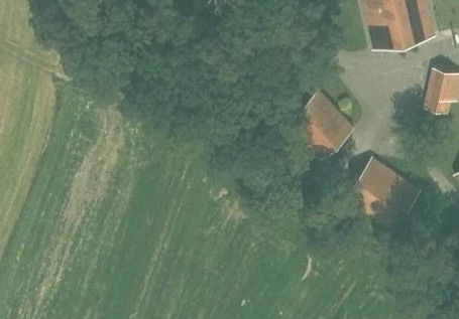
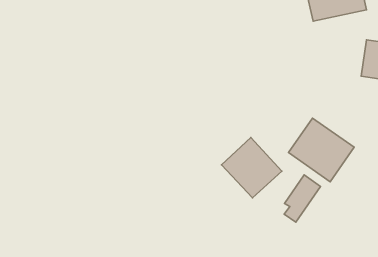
building: [285,91,354,159] -> [221,137,282,198]
building: none -> [284,175,321,222]

